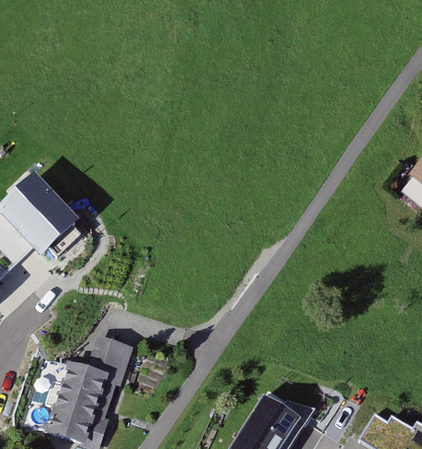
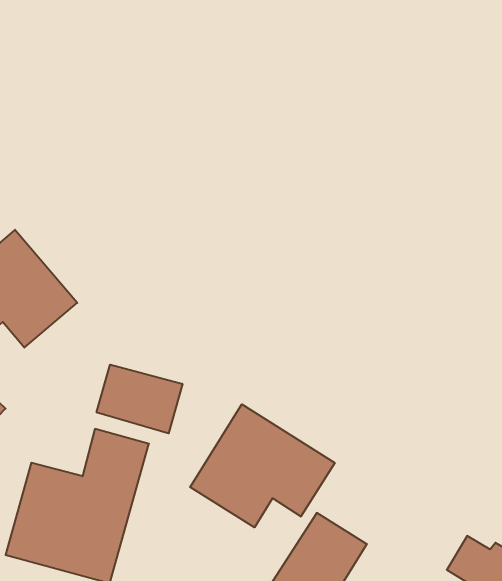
building: none -> [97,365,182,433]
building: none -> [190,404,335,527]

